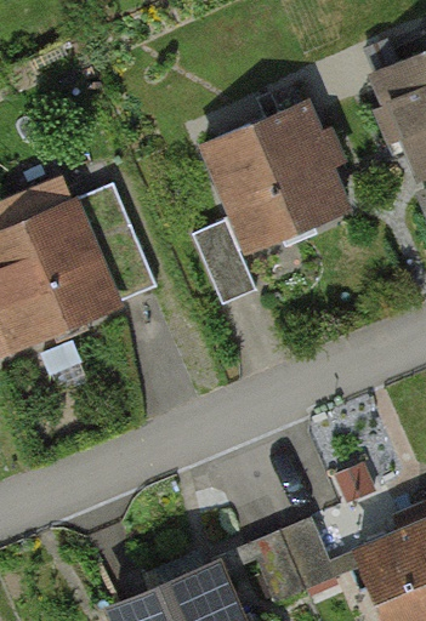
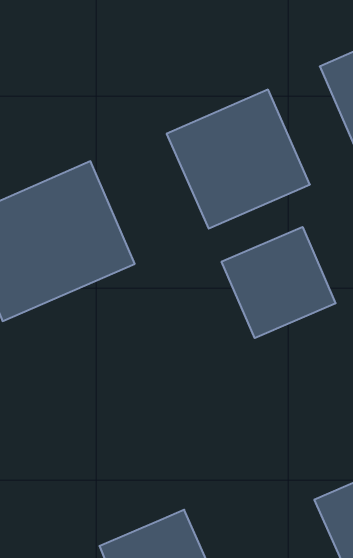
building: none -> [222,227,336,338]
building: [257,512,341,599] -> none

